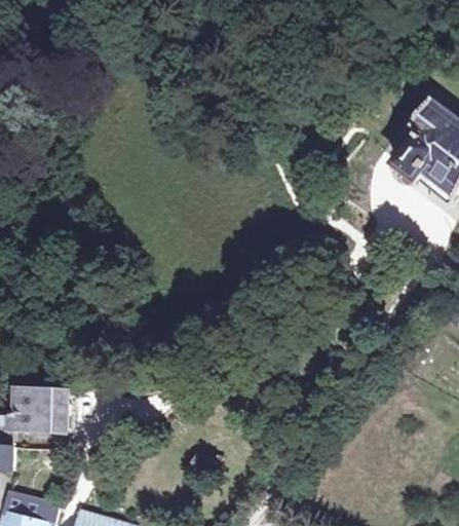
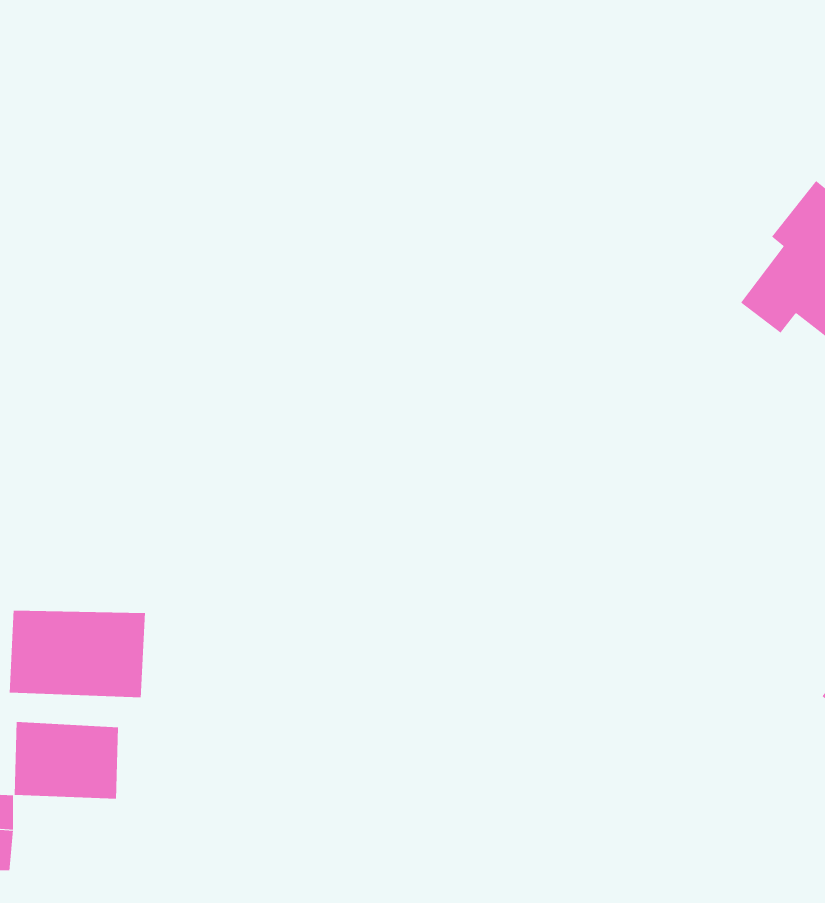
building: none -> [9,610,146,698]

